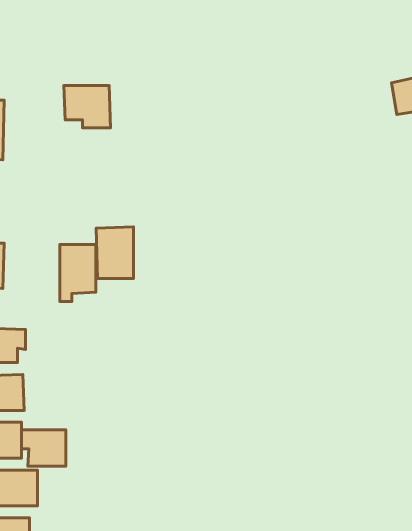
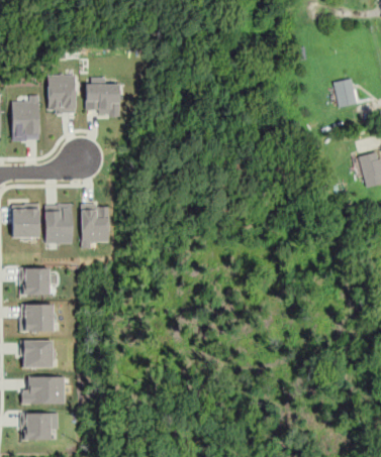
building: none -> [49,75,76,113]
building: [96,227,133,278] -> [44,204,73,243]
building: [22,430,66,466] -> none

